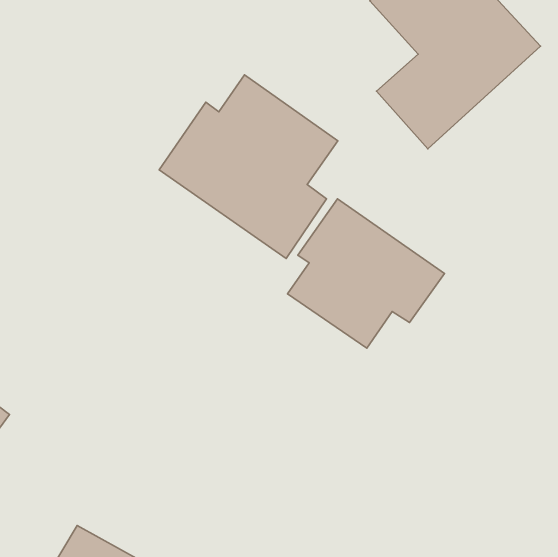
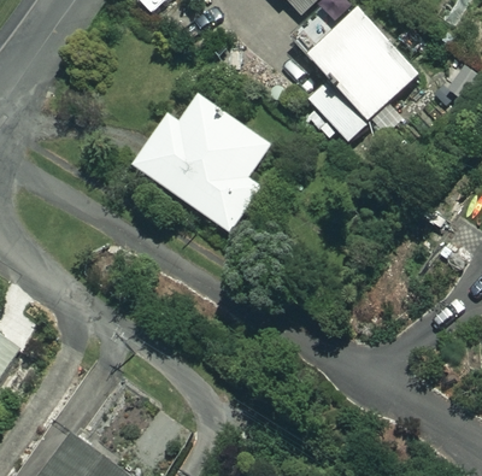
building: [288,199,445,348] -> none

